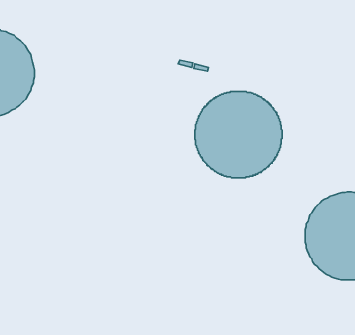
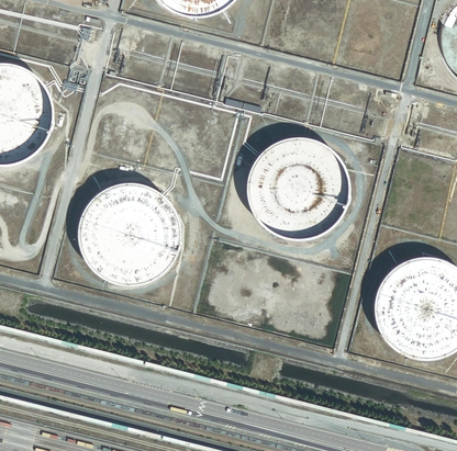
building: none -> [76,181,180,284]

